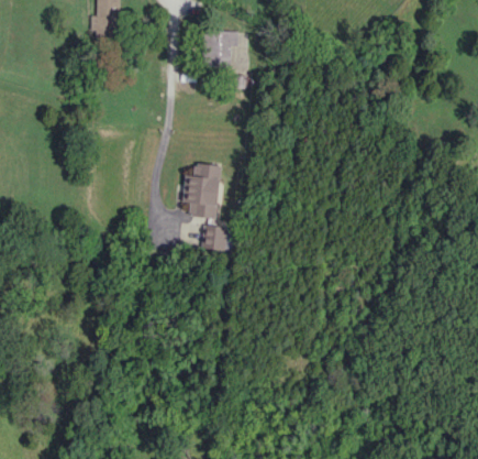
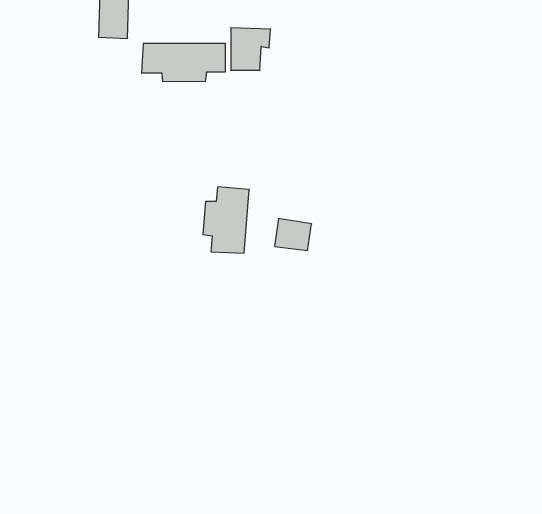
building: none -> [142,43,225,82]
building: [202,225,233,251] -> [275,219,312,250]

